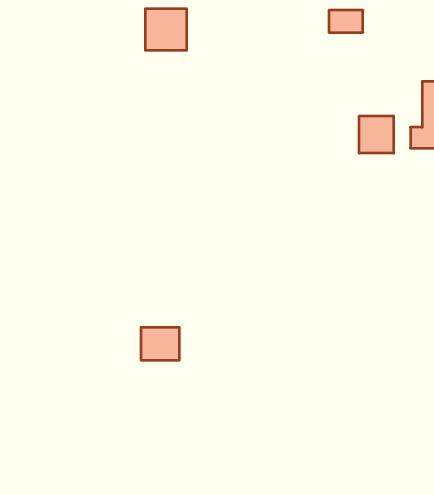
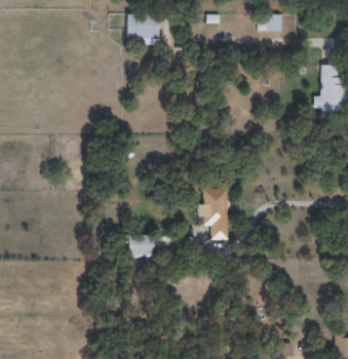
building: [359,116,394,153] -> none
building: none -> [201,189,228,239]

